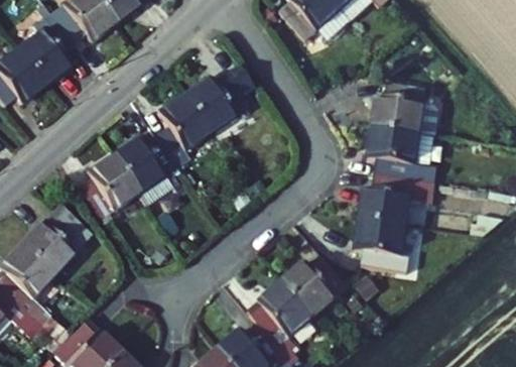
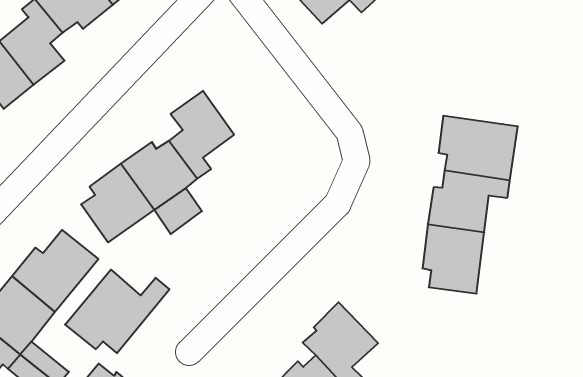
building: [185,79,249,134] -> none
building: [383,89,449,144] -> none
building: none -> [65,270,169,353]
building: [285,256,351,316] -> none

